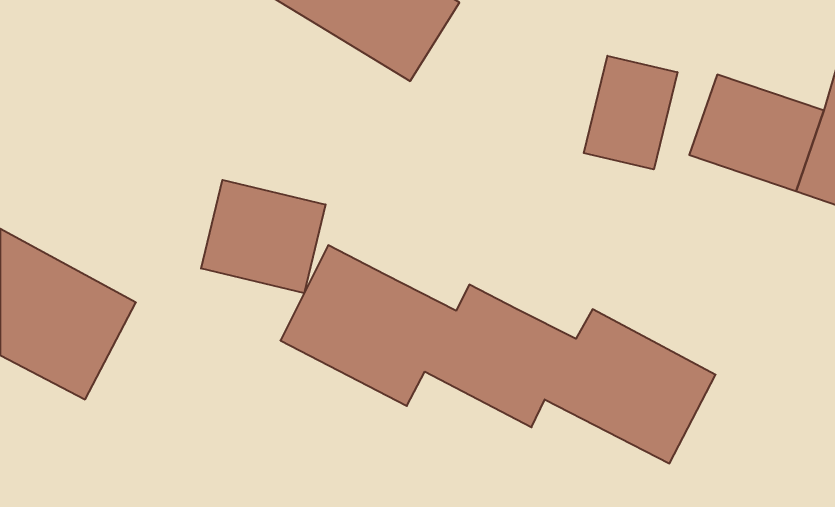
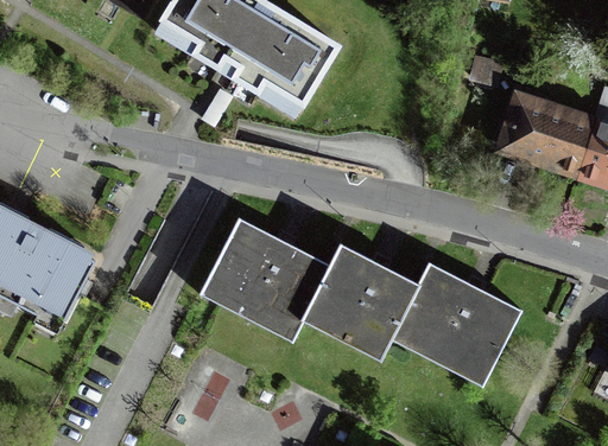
building: [584,56,677,169] -> none
building: [201,180,326,293] -> none

